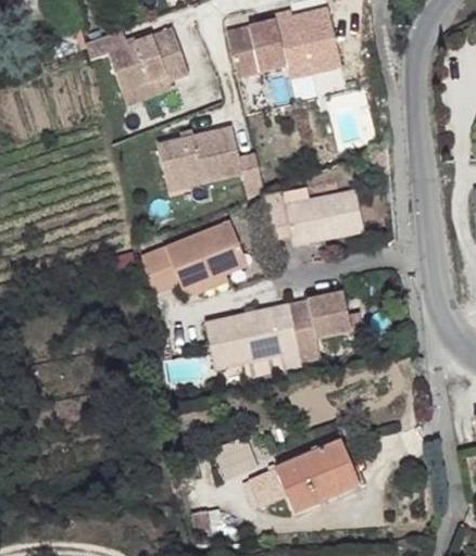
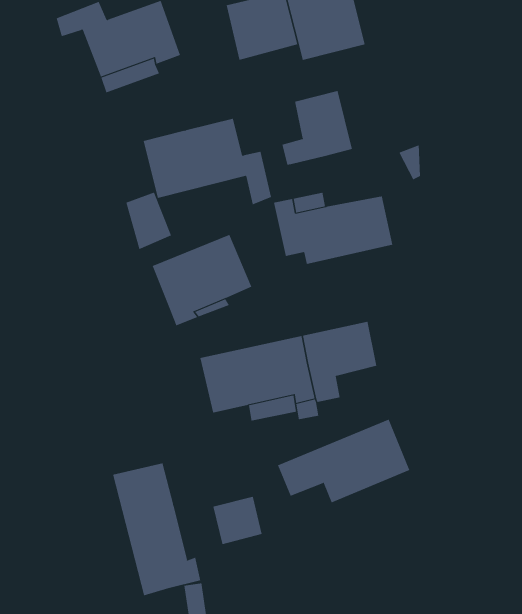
building: none -> [282,90,352,165]
building: [141,247,179,294] -> [126,192,172,250]
building: none -> [112,463,201,596]
building: [249,441,359,510] -> [277,419,410,503]

